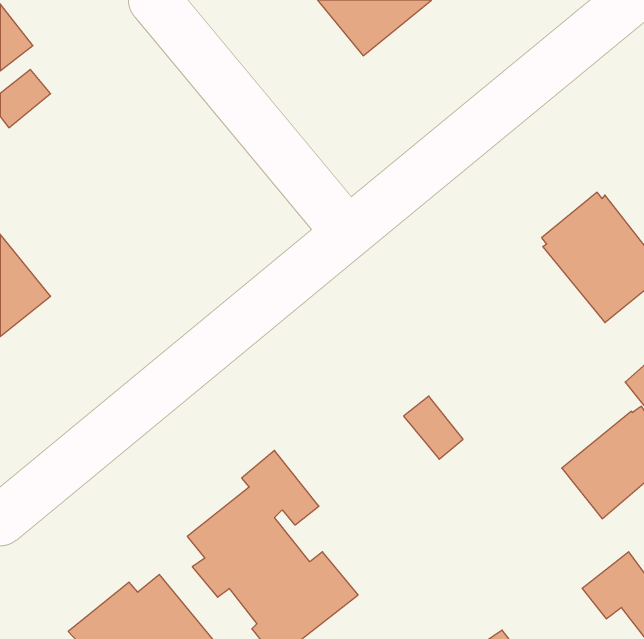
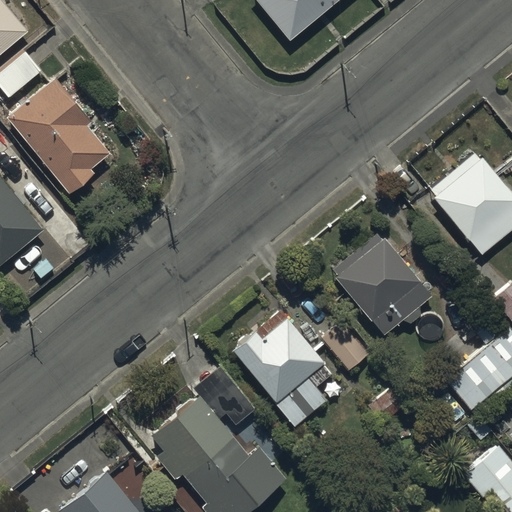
building: none -> [6,88,109,206]
building: none -> [331,230,430,330]
building: none -> [231,305,333,424]

